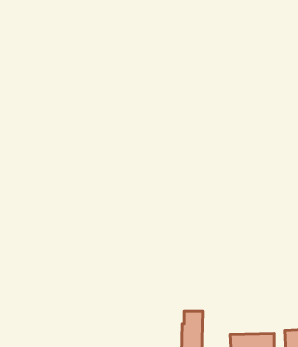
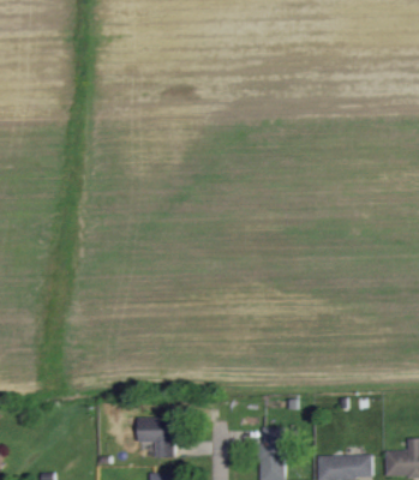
building: none -> [136,416,173,457]

